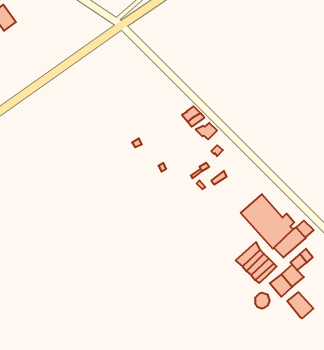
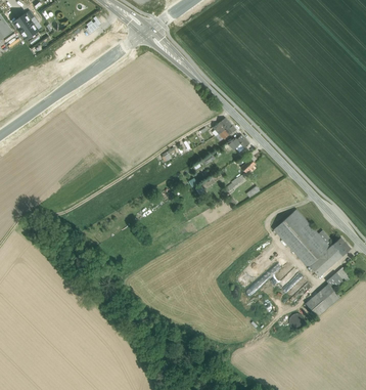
building: [287,292,313,318] -> none

